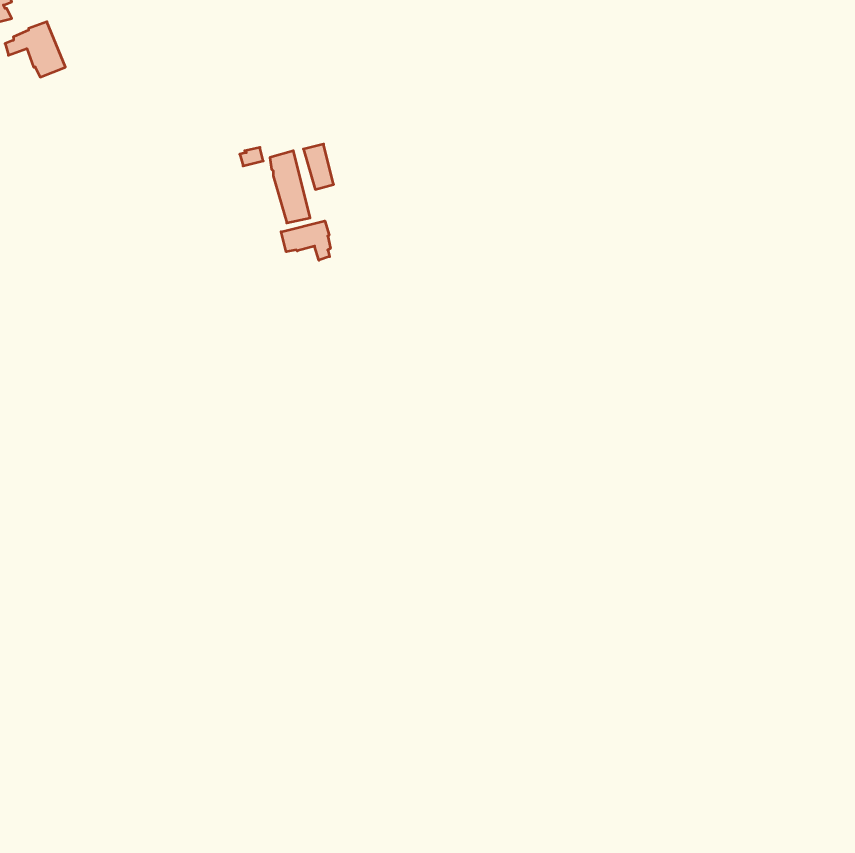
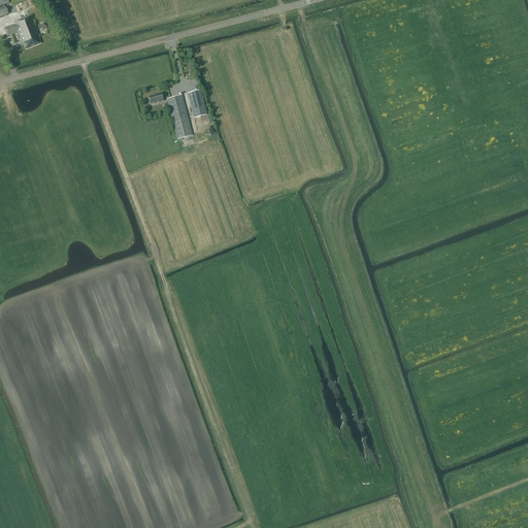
building: [281,221,330,260] -> none

